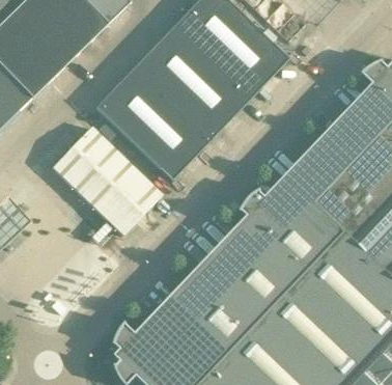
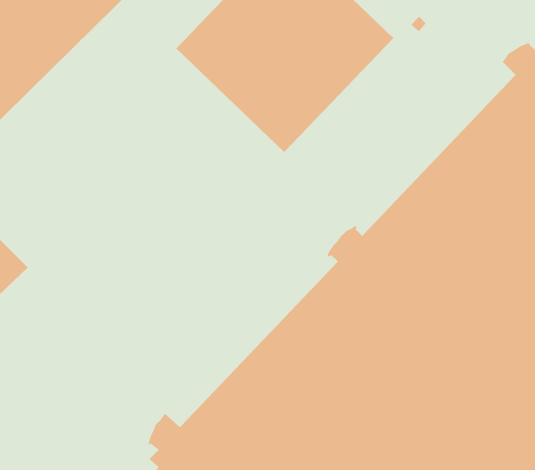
building: [94,65,211,180] -> none
building: [51,126,161,235] -> none

